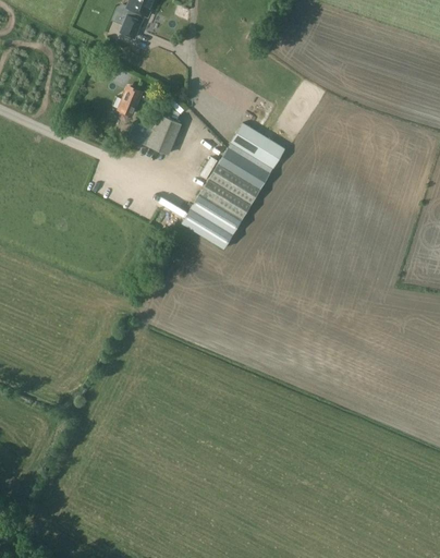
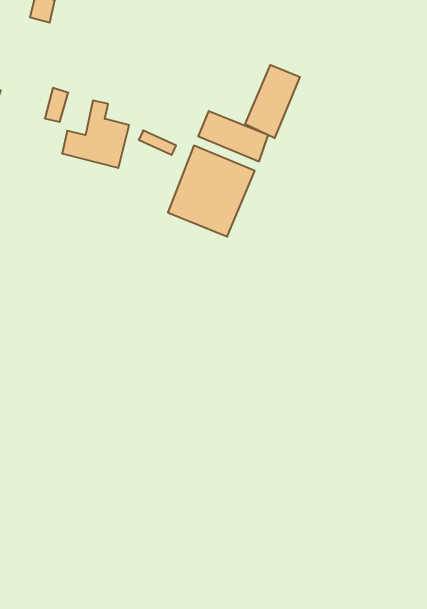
building: none -> [245,65,300,138]
building: [182,194,241,247] -> none

